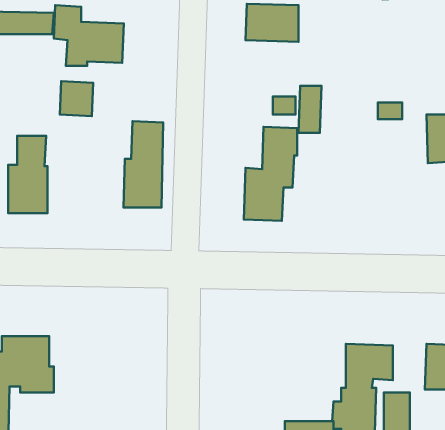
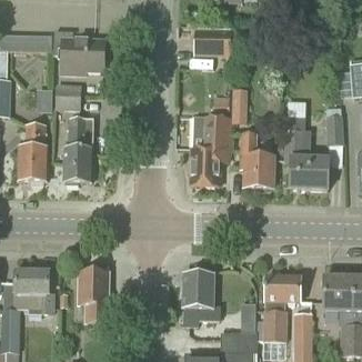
building: [123,121,163,208] -> [63,118,92,181]
building: none -> [286,118,329,190]
building: none -> [241,133,273,187]
building: none -> [78,271,108,321]
building: none -> [184,273,221,324]

